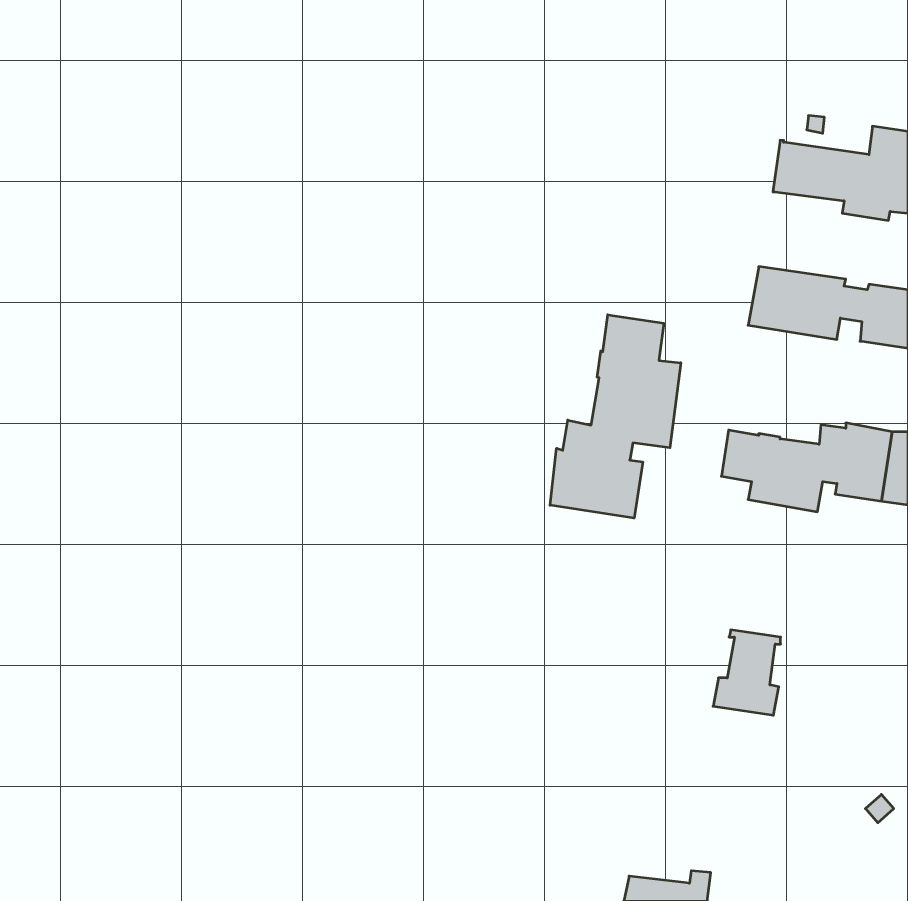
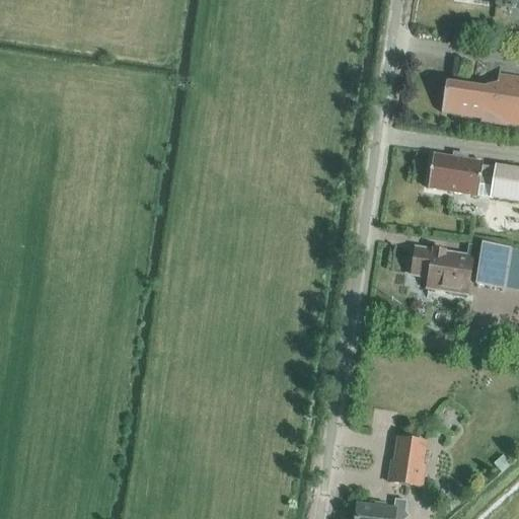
building: [550,315,681,518] -> none
building: [713,630,781,715] -> [387,436,426,485]

